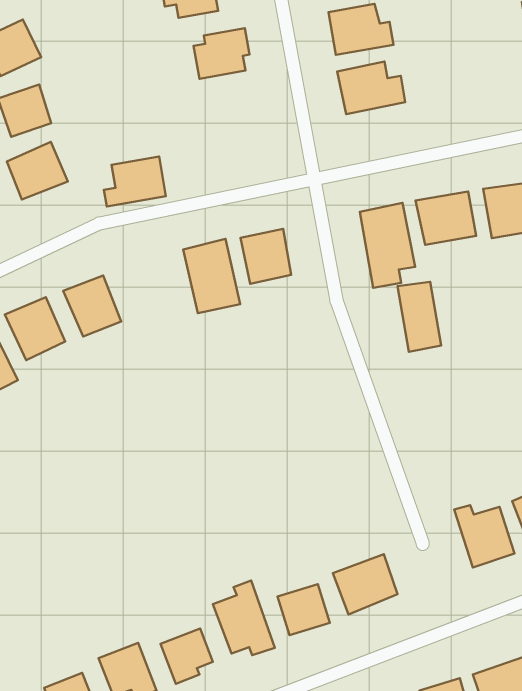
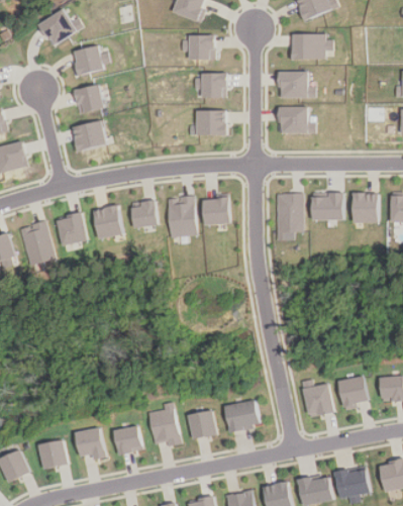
building: [104,156,166,206] -> [190,111,226,135]
building: none -> [130,199,159,228]
building: [397,282,441,352] -> none

